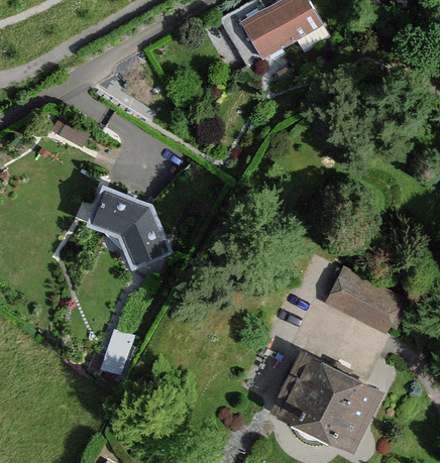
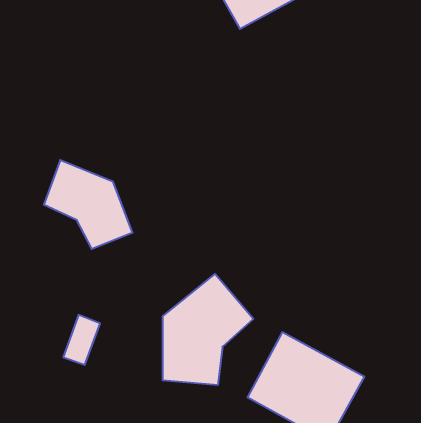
building: [320,268,400,335] -> none
building: none -> [163,274,253,385]

